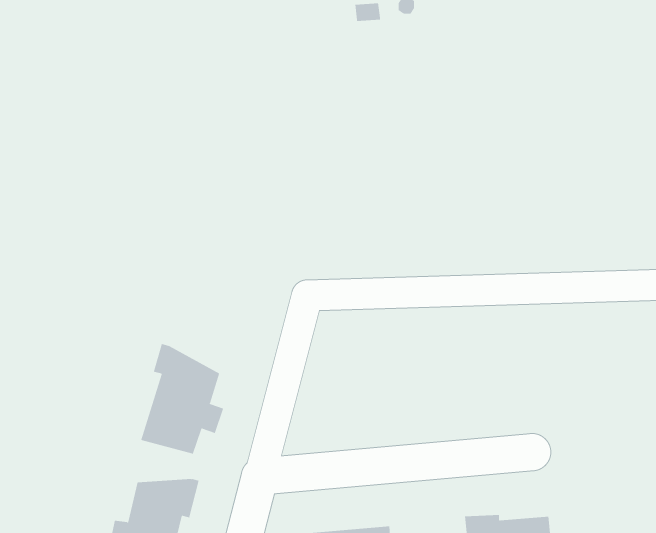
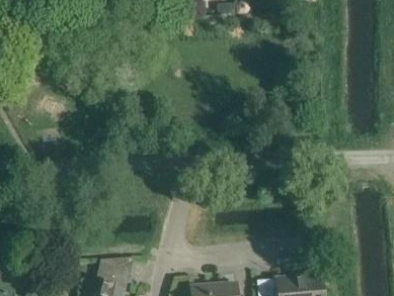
building: [140,343,224,455] -> none

